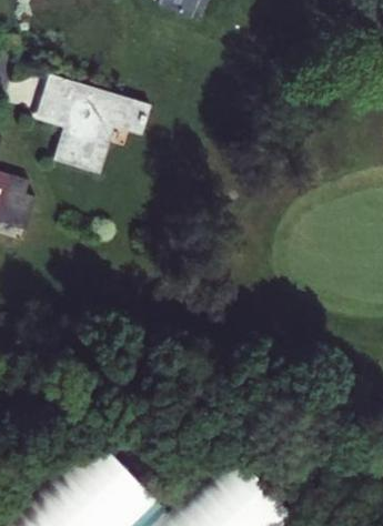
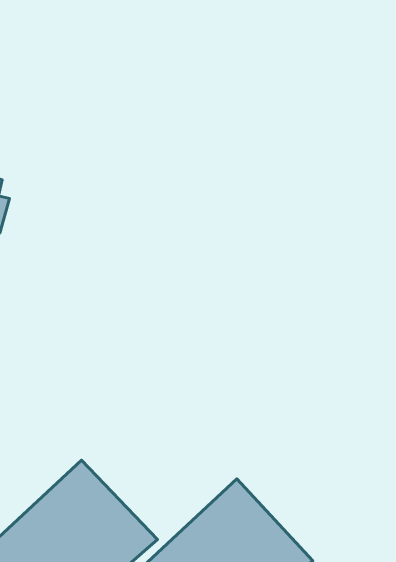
building: [37,77,148,174] -> none

